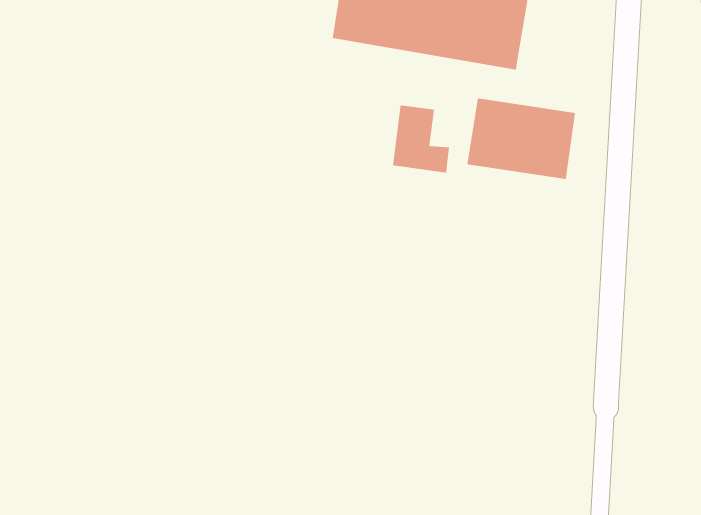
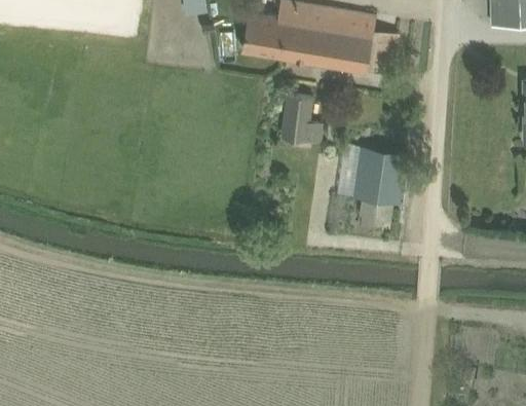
building: [467,98,576,180] -> [337,145,411,200]

